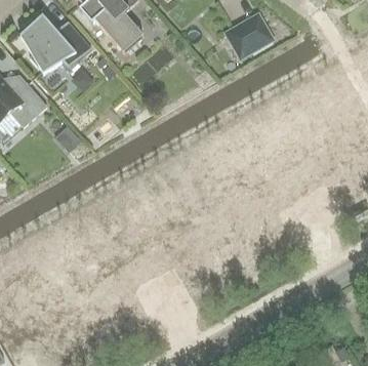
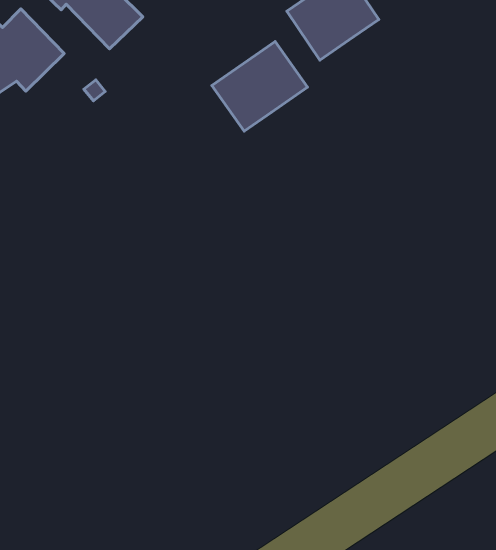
building: none -> [212,42,308,131]

